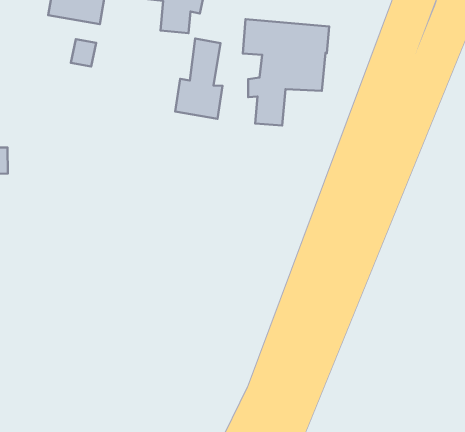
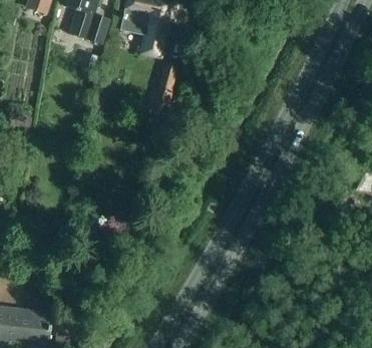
building: [243,19,329,126] -> none

